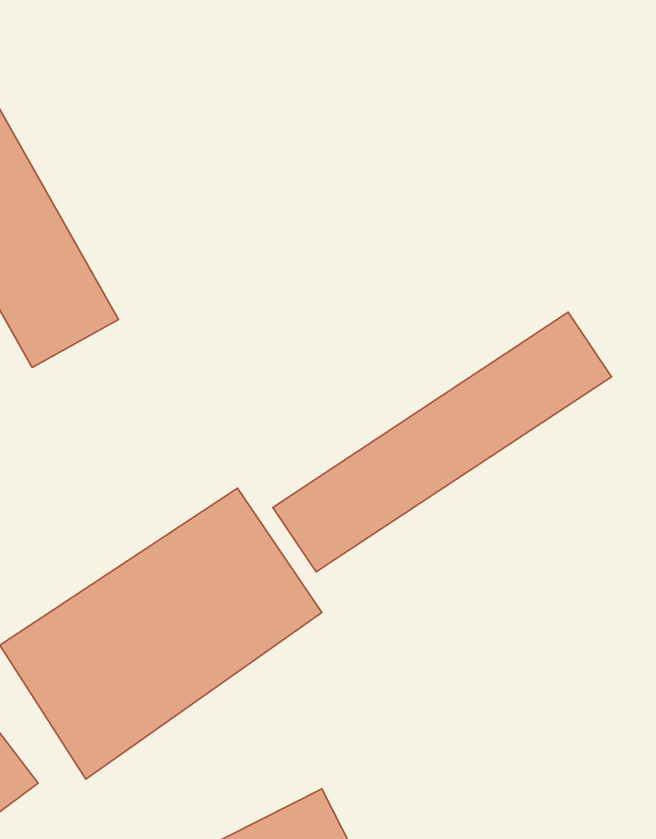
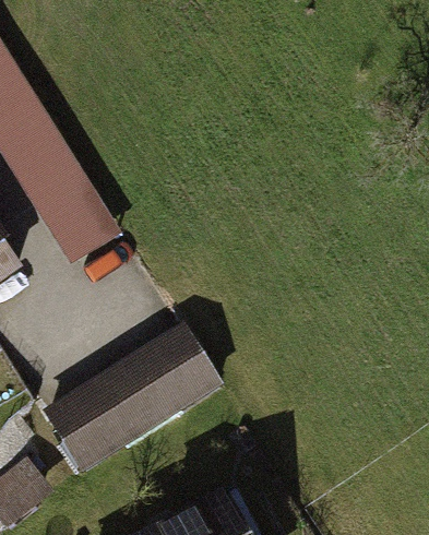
building: [273,312,612,572] -> none

